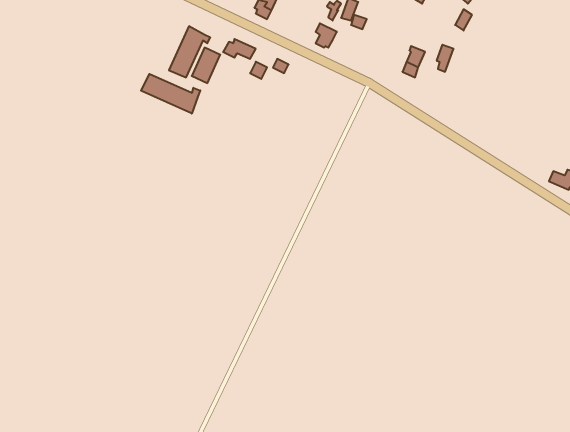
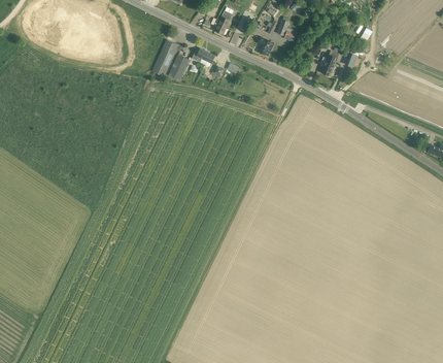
building: [141,74,200,114] -> none

